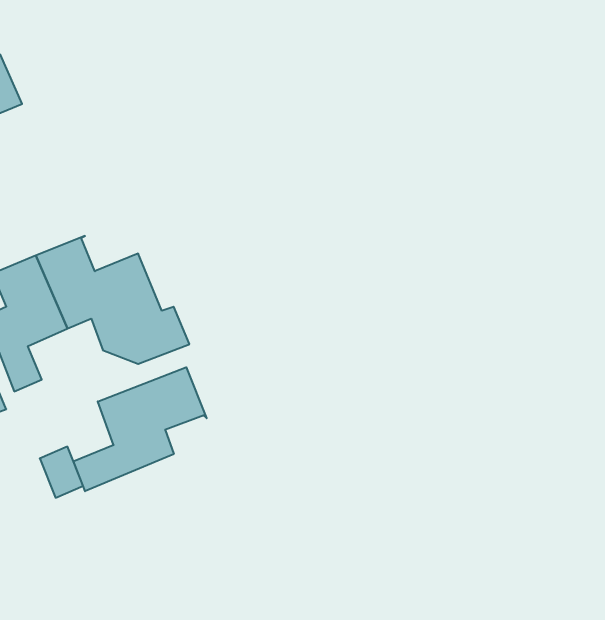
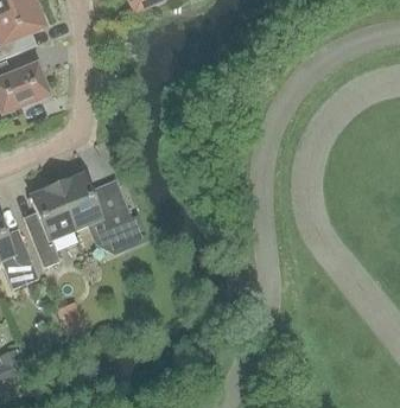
building: [74,367,207,491] -> none

